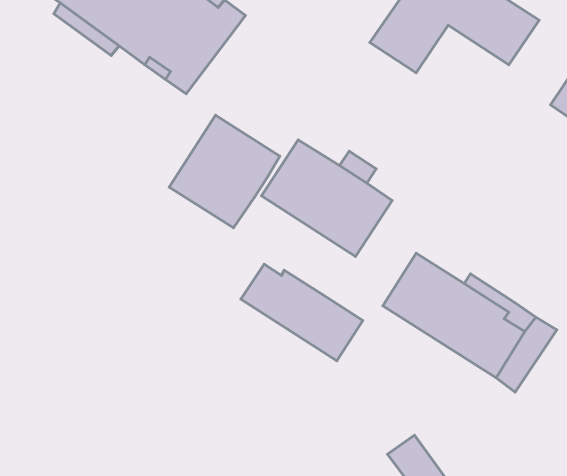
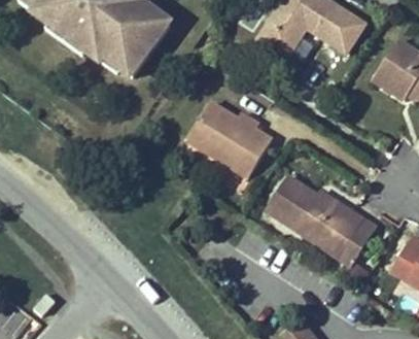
building: [169,115,280,228] -> none
building: [241,264,363,361] -> none

